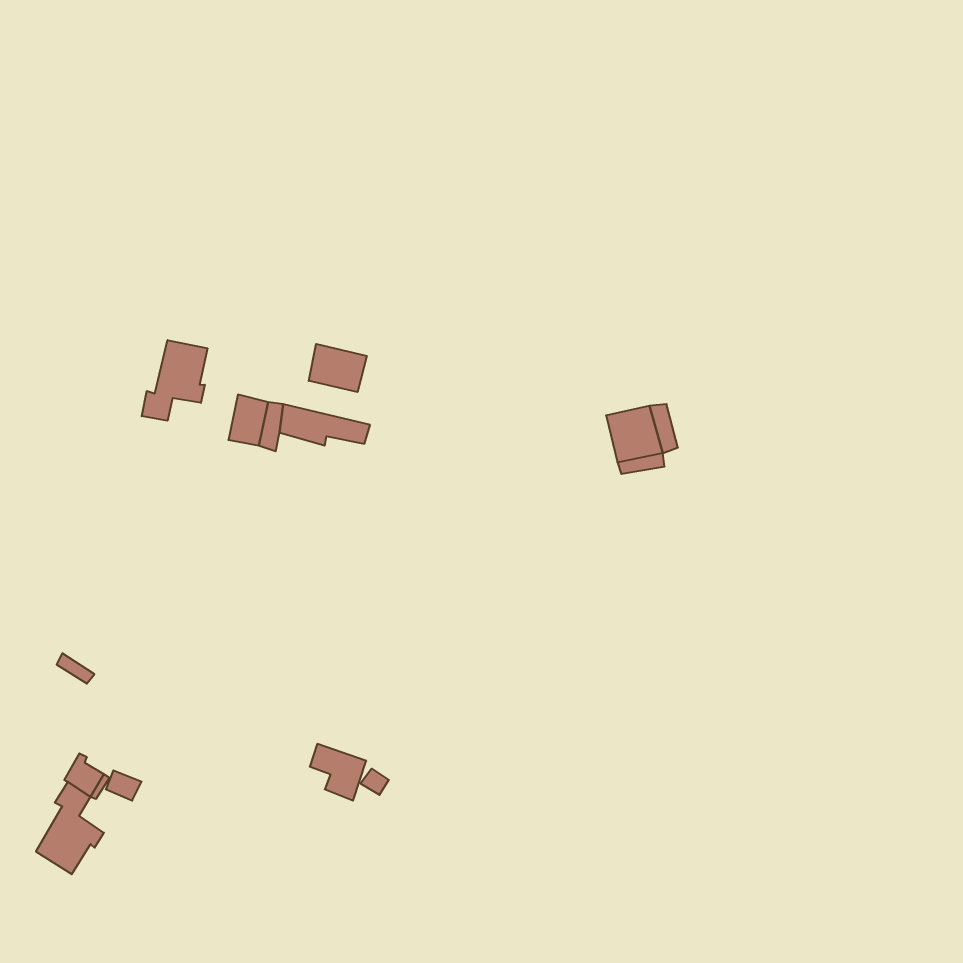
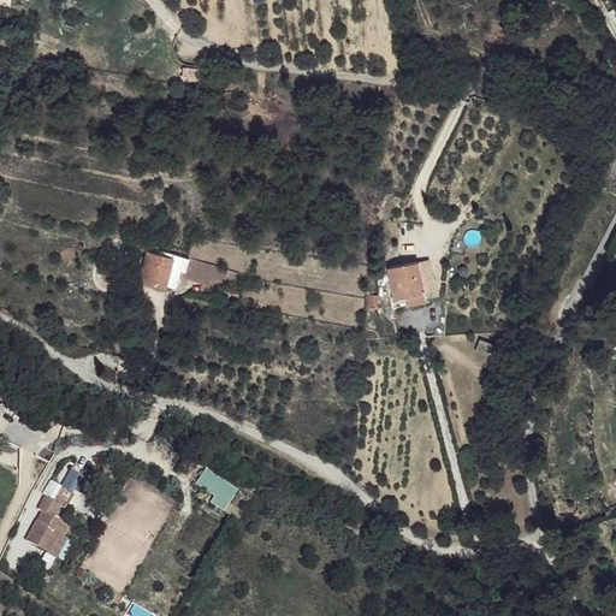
building: [142,340,207,421] -> none
building: [309,344,367,392] -> none

